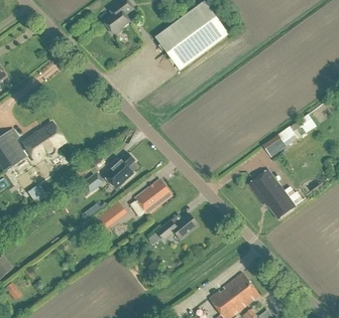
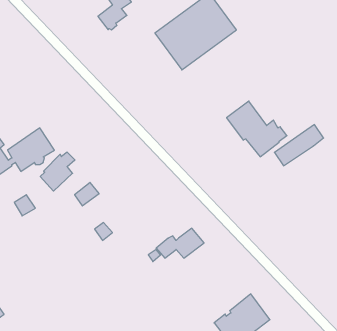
building: [105,153,136,188] -> [40,152,75,191]
building: [248,168,303,218] -> [227,101,287,157]
building: [134,178,173,214] -> none

